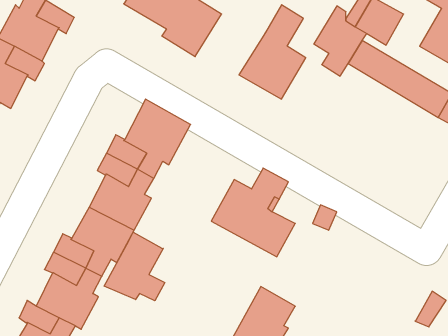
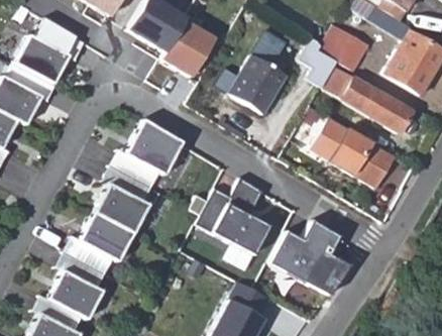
building: none -> [309,121,394,193]
building: none -> [272,216,350,291]
building: [104,232,165,301] -> none

